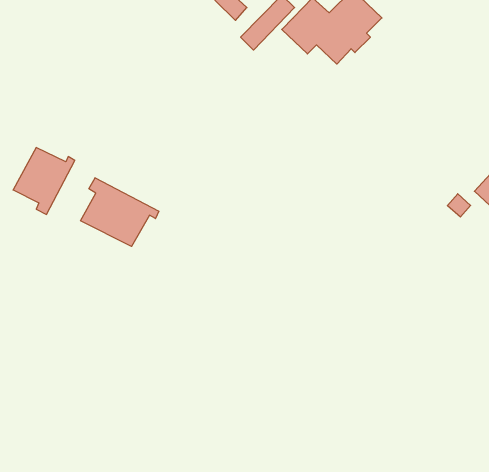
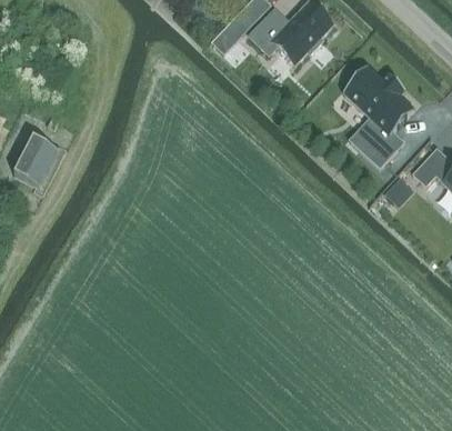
building: none -> [344,67,413,169]
building: [81,178,159,246] -> none

